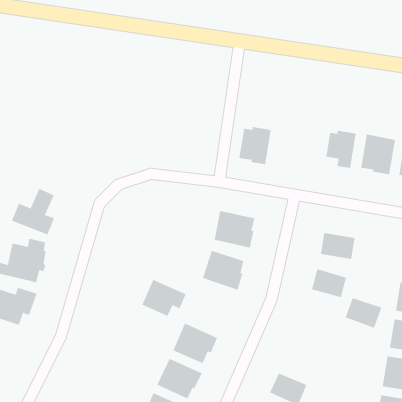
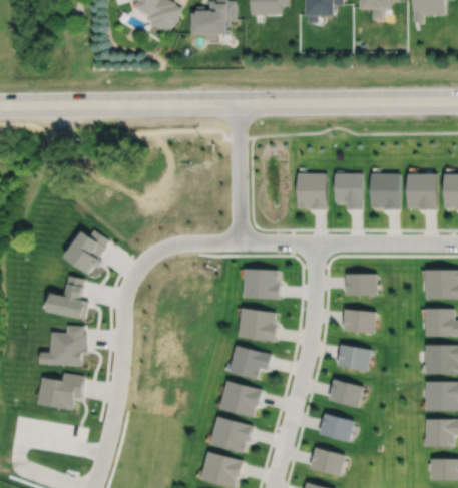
building: [239,127,272,165] -> [299,174,326,208]
building: none -> [64,229,108,275]
building: [141,279,186,317] -> [230,346,271,379]
building: [345,297,382,329] -> [337,345,371,371]
building: none -> [328,379,363,408]

